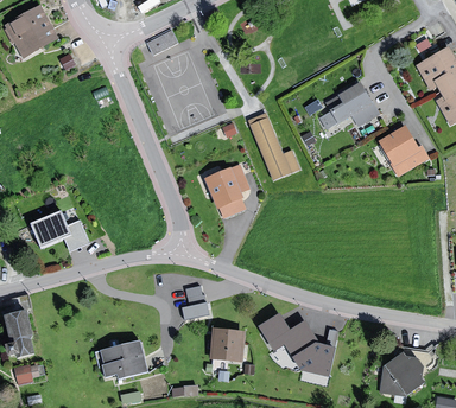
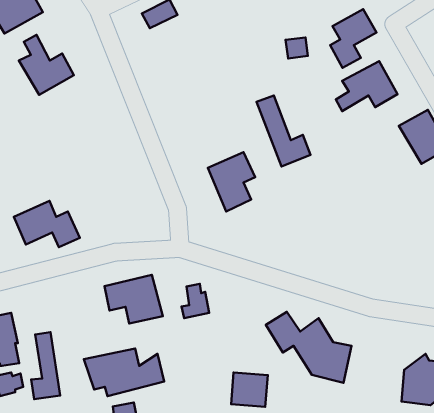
building: none -> [330,9,377,68]
building: none -> [19,35,74,95]
building: none -> [105,275,163,324]
building: [209,325,242,356] -> [231,373,268,407]
building: none -> [31,332,60,399]

